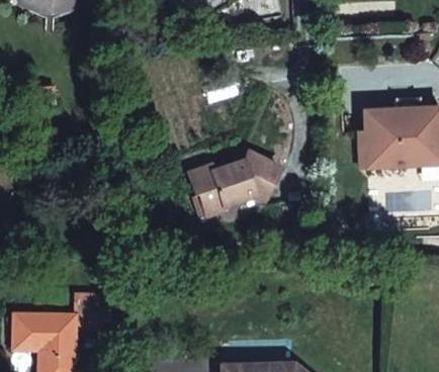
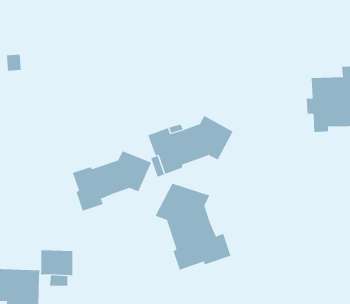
building: none -> [72,151,152,212]
building: none -> [155,183,231,271]

